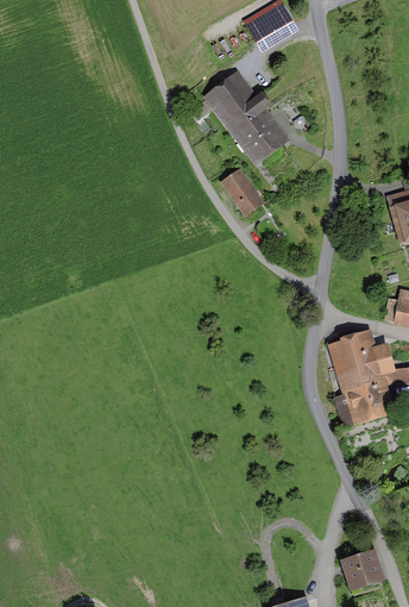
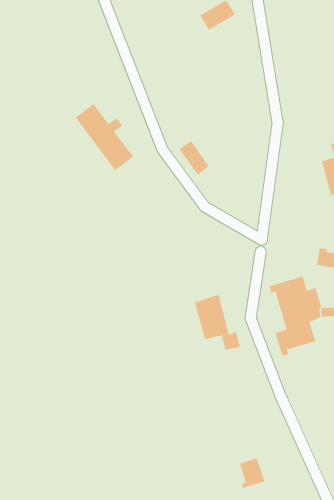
building: [210,79,281,158] -> [75,103,134,171]
building: none -> [194,294,240,351]
building: [347,555,378,592] -> [239,457,265,489]

